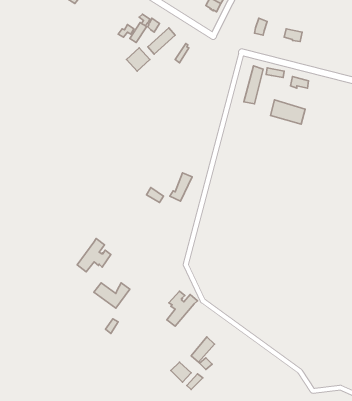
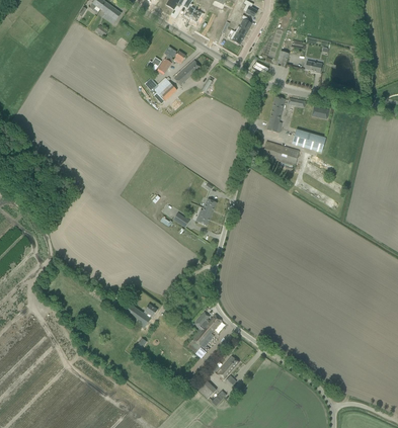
building: none -> [262,140,299,164]
building: [77,239,111,272] -> none

